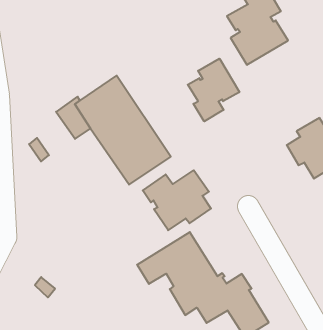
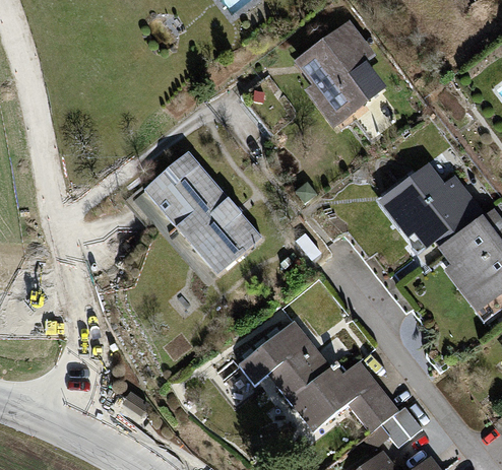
building: [188,59,239,121] -> none
building: [143,170,211,230] -> none

